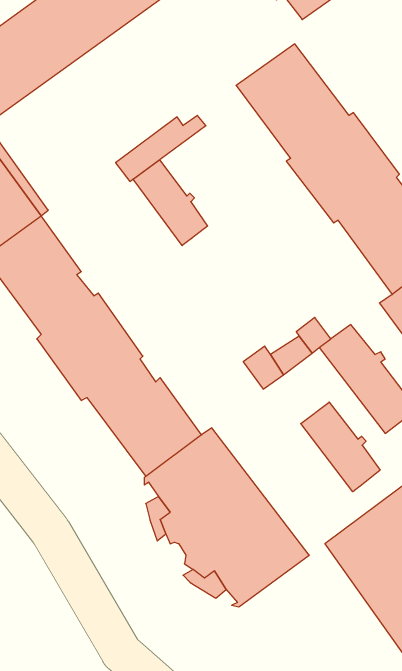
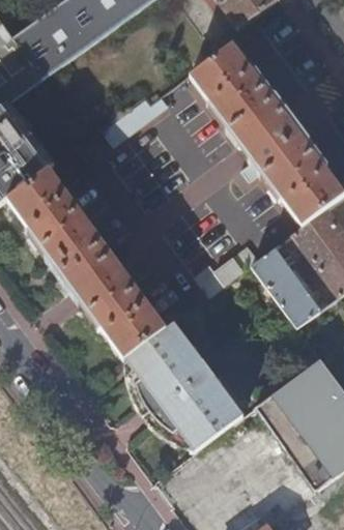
building: [133,160,208,246] -> none
building: [301,402,380,492] -> none

